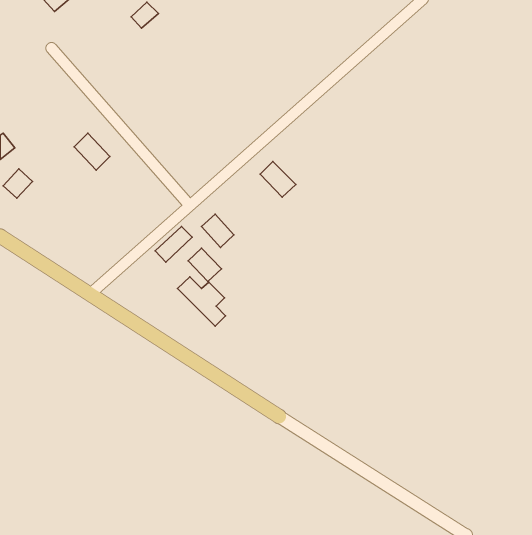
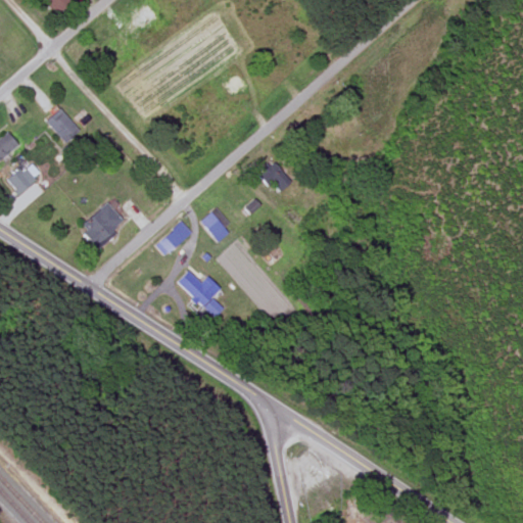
building: [74,133,110,170] -> [45,106,80,142]
building: none -> [79,202,122,248]
building: [188,248,221,282] -> none

